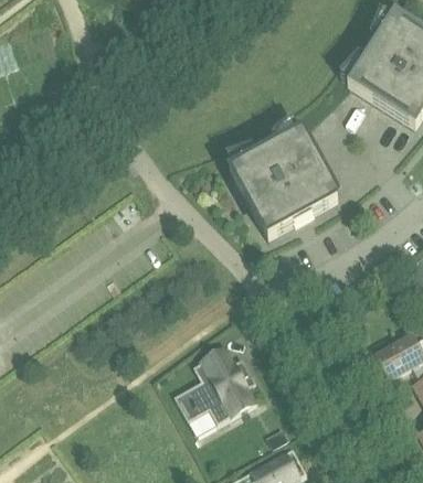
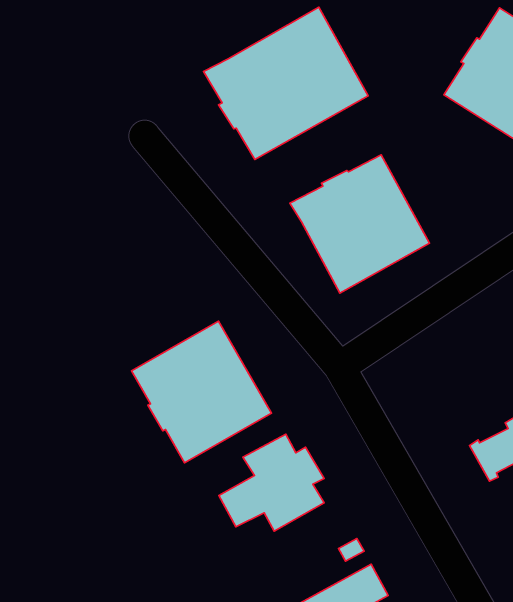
building: none -> [203,7,368,159]
building: none -> [132,321,271,463]

